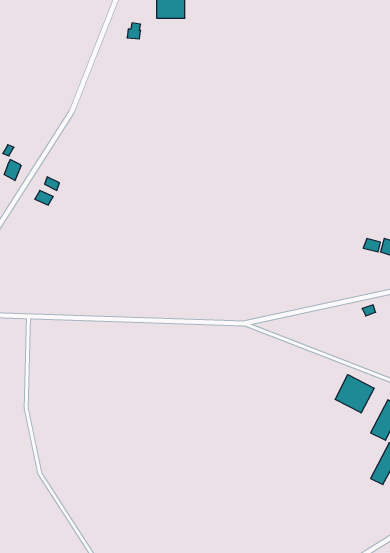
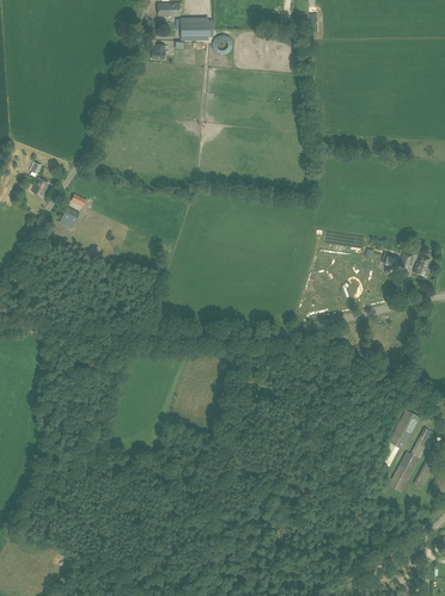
building: [335,375,374,413] -> none

